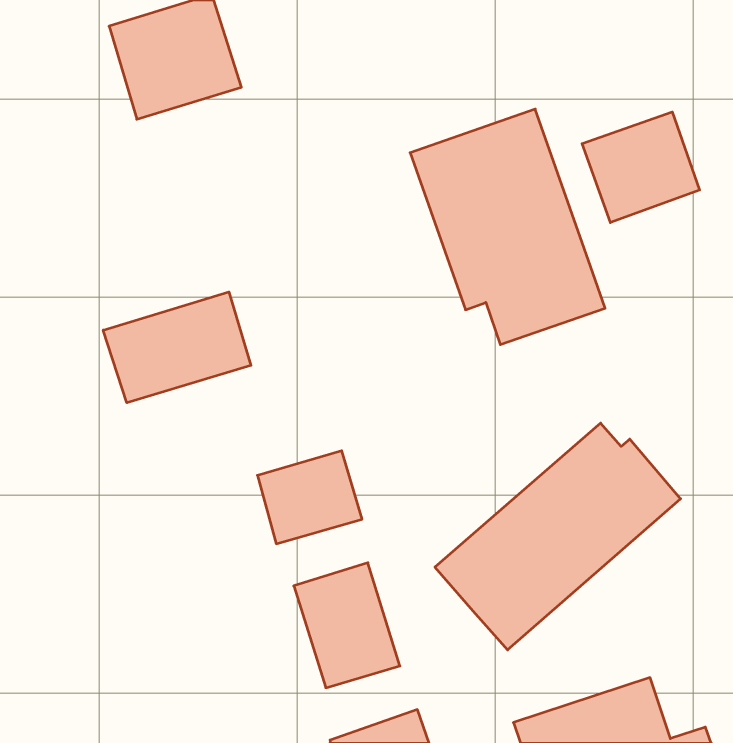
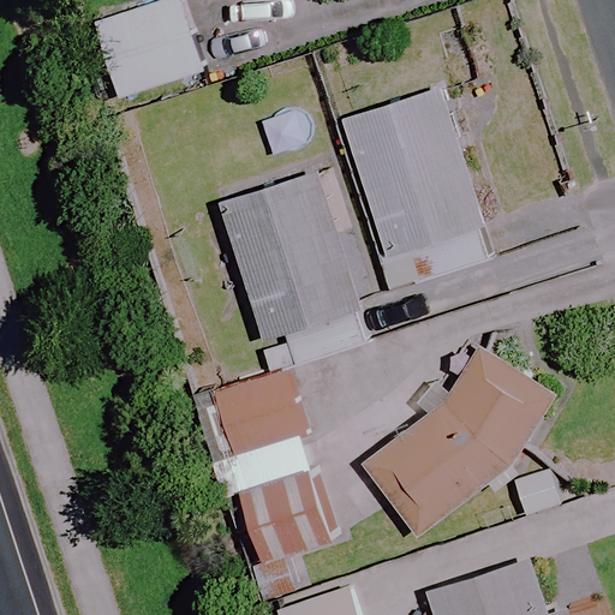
building: [582,112,700,223] -> none
building: none -> [217,169,366,338]
building: [103,292,251,403] -> none

